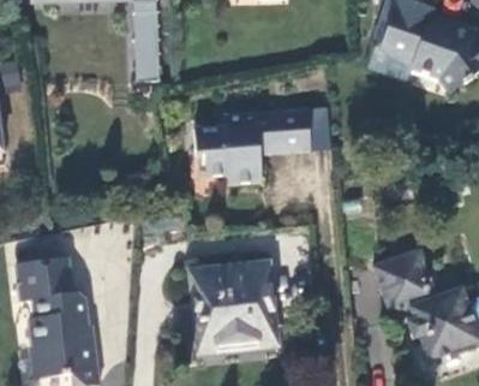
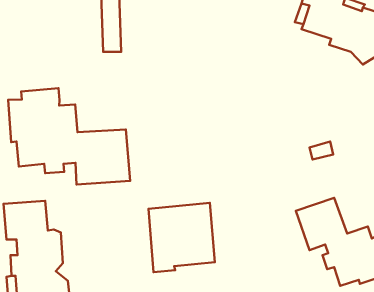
building: [196,111,312,184] -> none
building: none -> [8,88,130,184]

